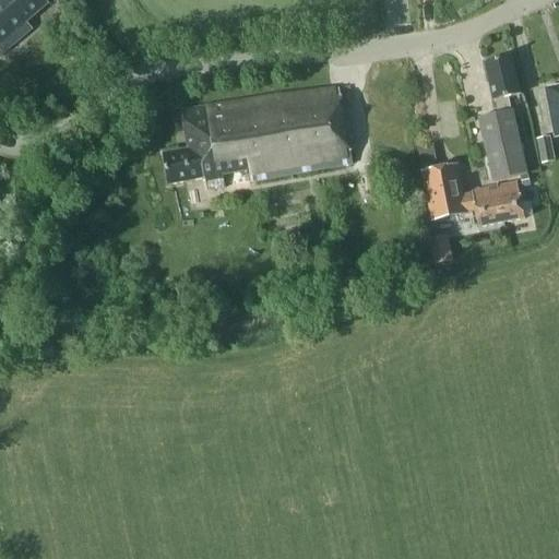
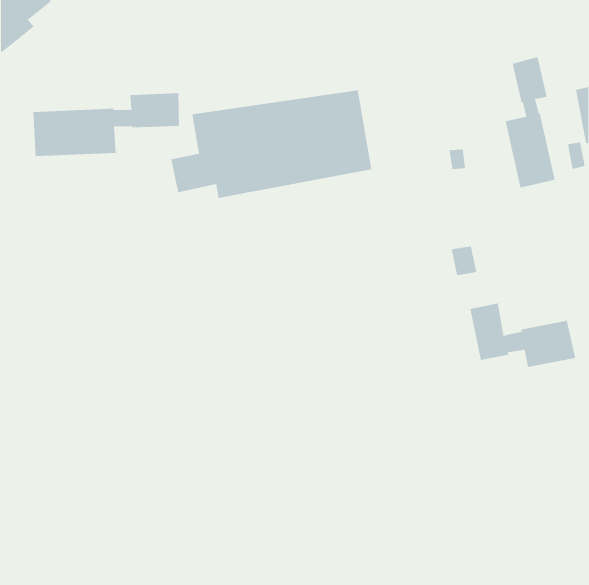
building: none -> [33,93,179,157]
building: [424,163,524,224] -> [470,303,576,368]

